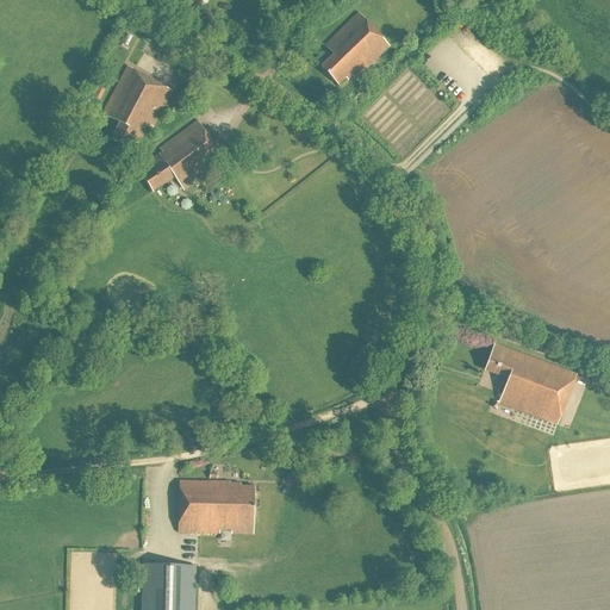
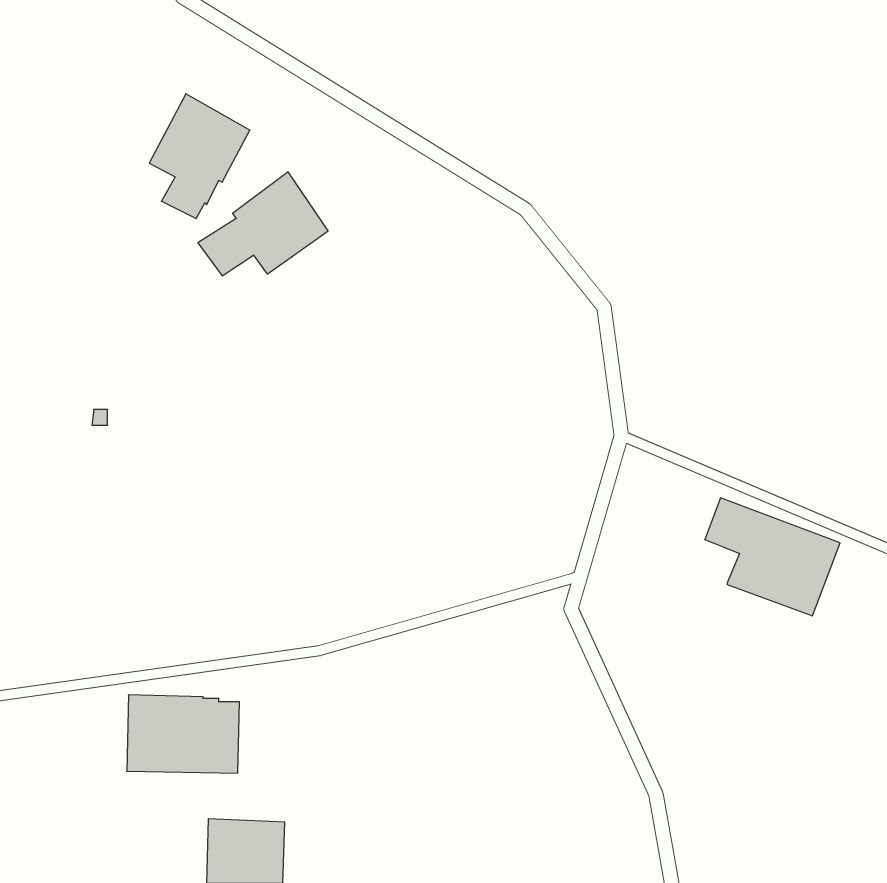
building: [322,12,388,81] -> none
building: [178,479,255,533] -> [127,695,239,773]

